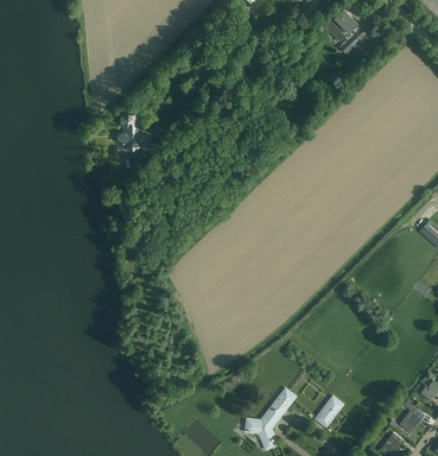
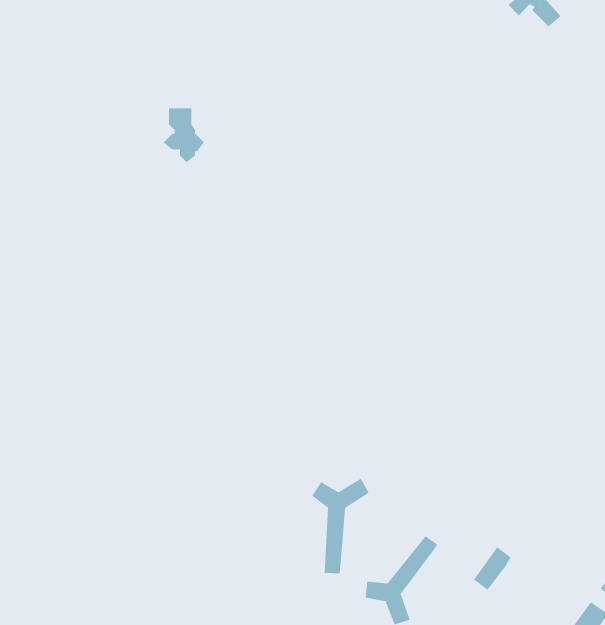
building: none -> [311,478,369,574]

